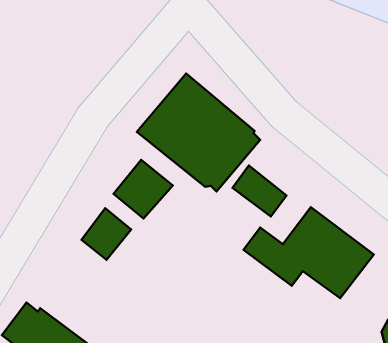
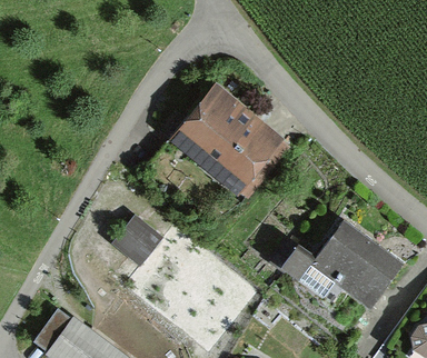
building: [113,160,173,218] -> none
building: [232,165,287,217] -> none

